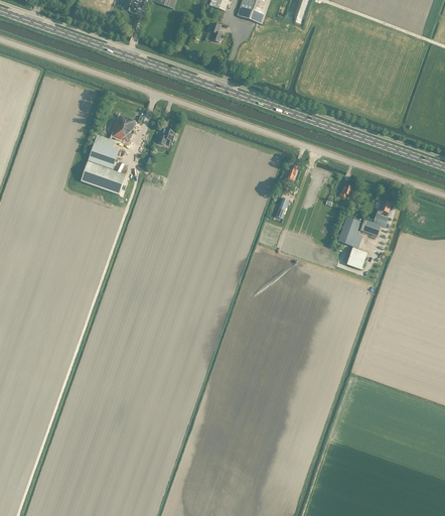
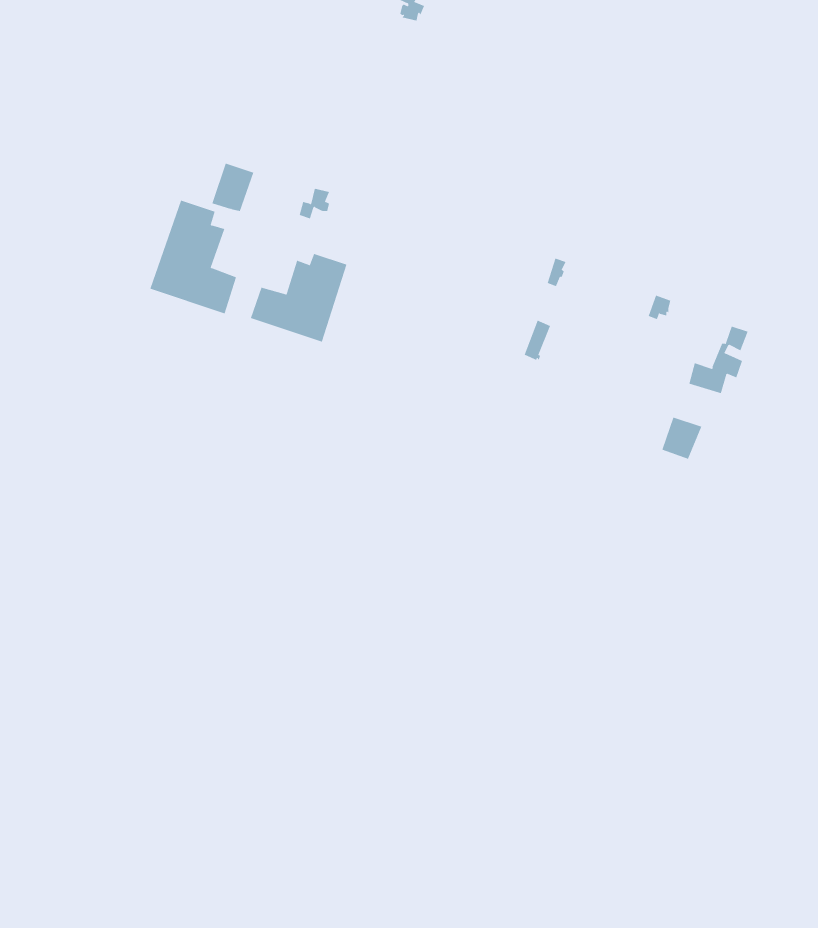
building: none -> [250,253,347,343]
building: [337,216,362,247] -> none

